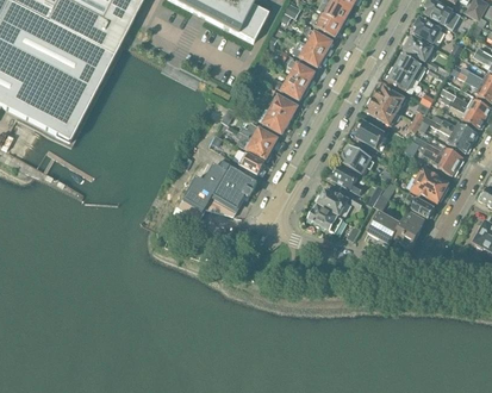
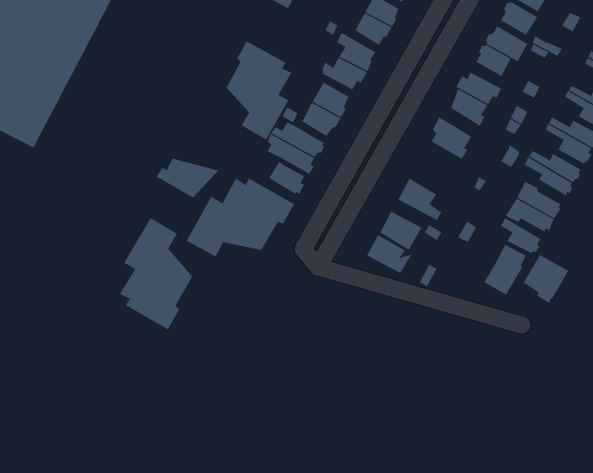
building: none -> [226,40,292,140]
building: [341,143,374,173] -> none
building: none -> [156,158,219,198]
building: none -> [119,217,193,330]
building: [368,210,401,245] -> [523,254,569,304]

